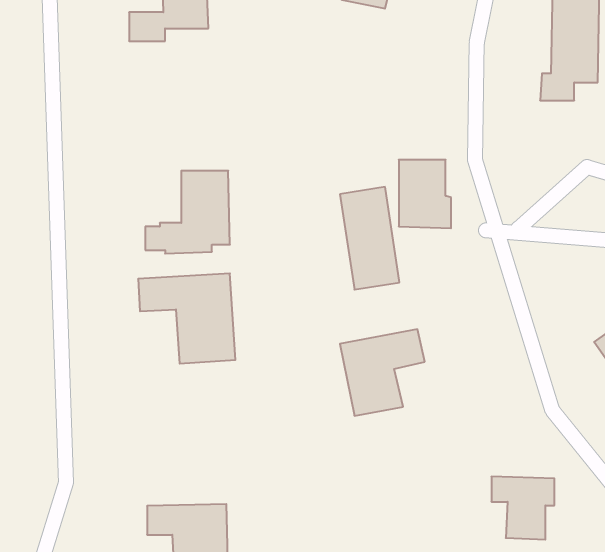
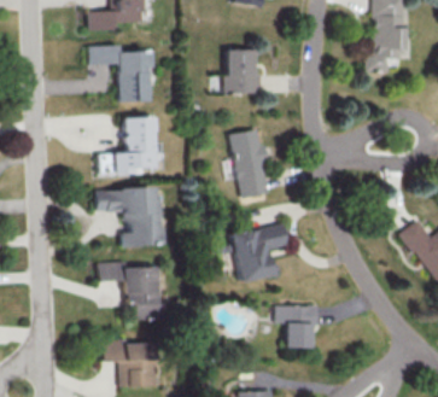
building: none -> [90,45,156,101]
building: [399,160,451,228] -> [226,48,261,94]
building: none -> [99,261,162,319]
building: [491,477,554,540] -> [276,305,319,348]

